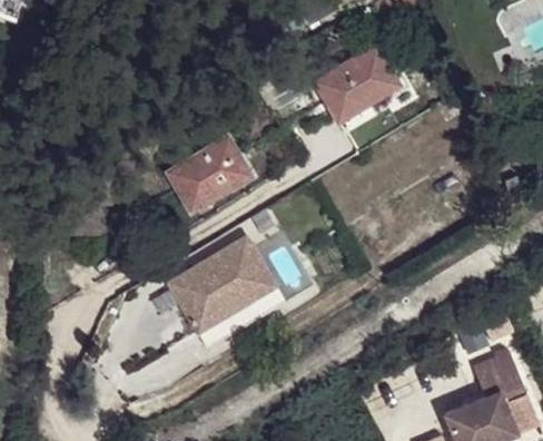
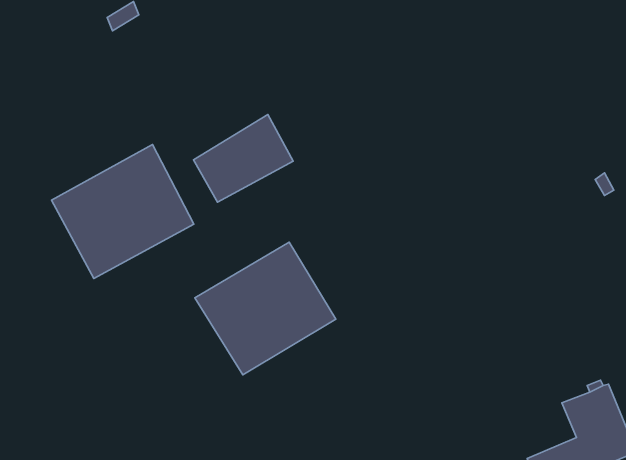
building: [315,42,401,118] -> none
building: none -> [51,145,194,279]

